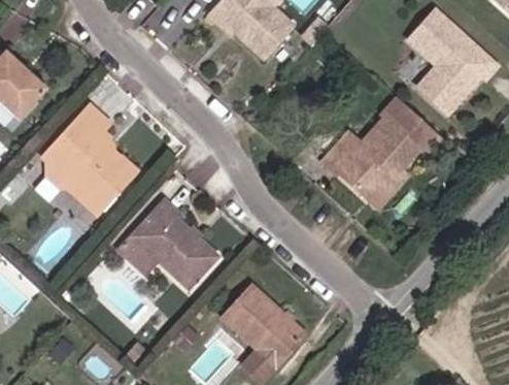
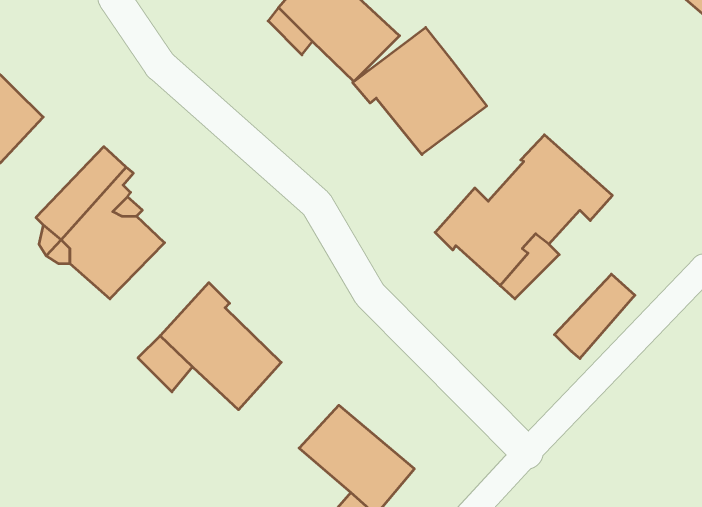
building: [404,7,494,109] -> none
building: none -> [353,27,487,155]
building: none -> [554,274,635,359]

